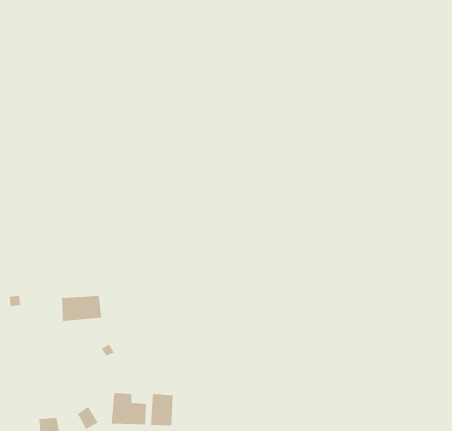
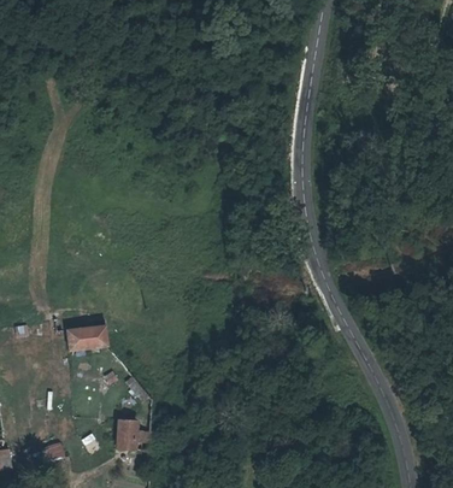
building: [150,393,173,426] -> none

